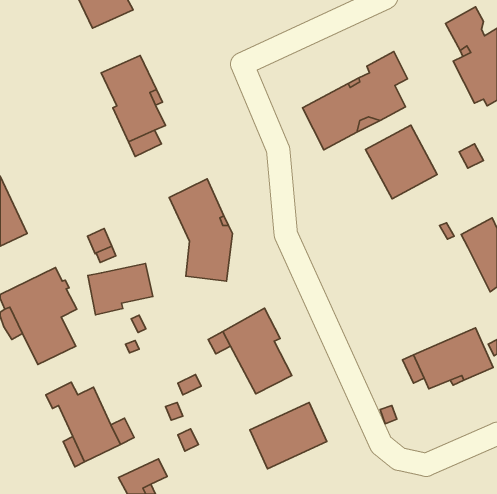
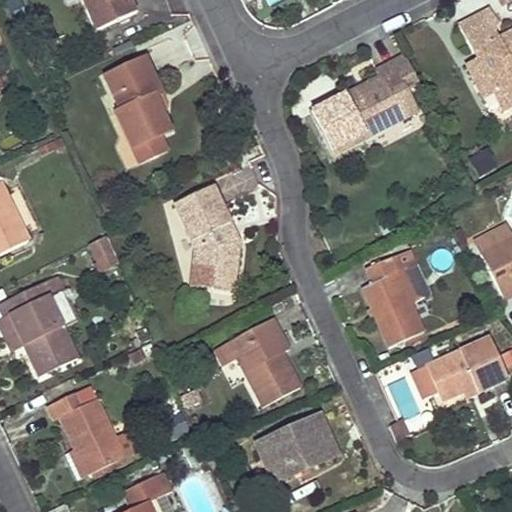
building: [366,125,437,199] -> none
building: none -> [362,247,430,346]
building: [88,264,153,315] -> none

